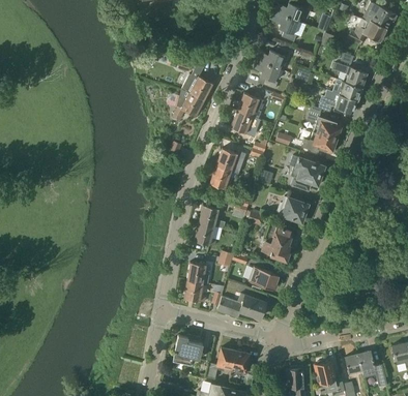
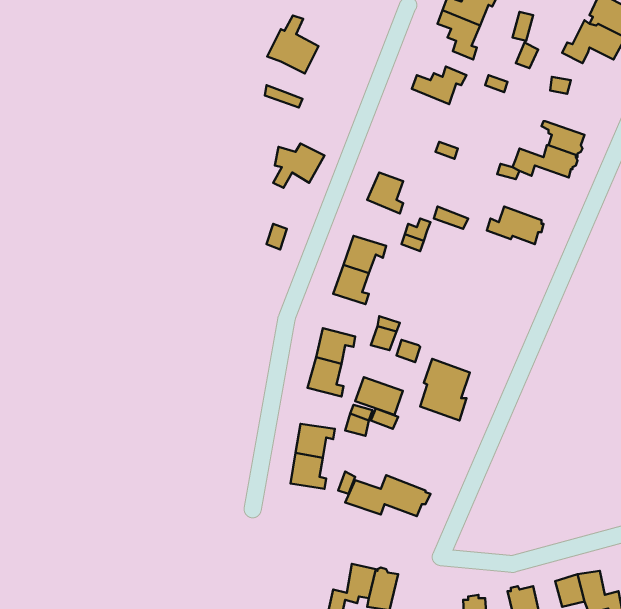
building: [255,60,281,89] -> none
building: [333,63,368,88] -> none
building: [182,65,213,100] -> [267,15,319,74]
building: [238,93,264,119] -> none
building: [314,116,345,140] -> none
building: [290,156,325,191] -> none
building: [278,196,309,222] -> none
building: [250,267,279,290] -> [355,377,403,415]
building: [173,335,203,365] -> none

